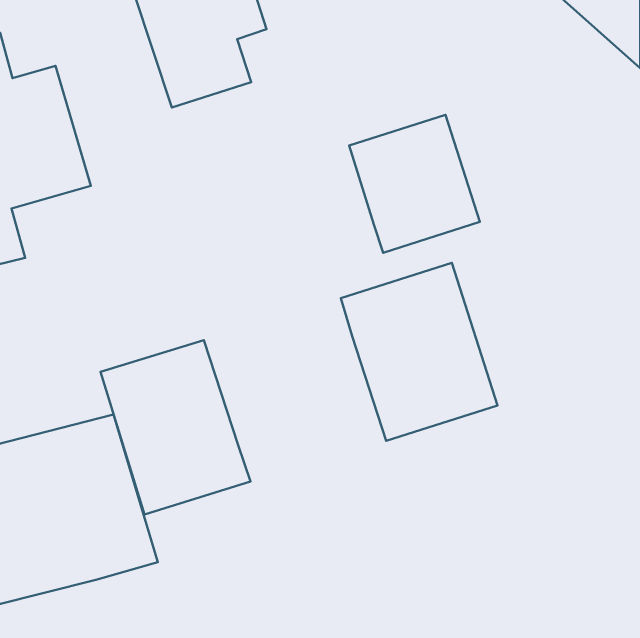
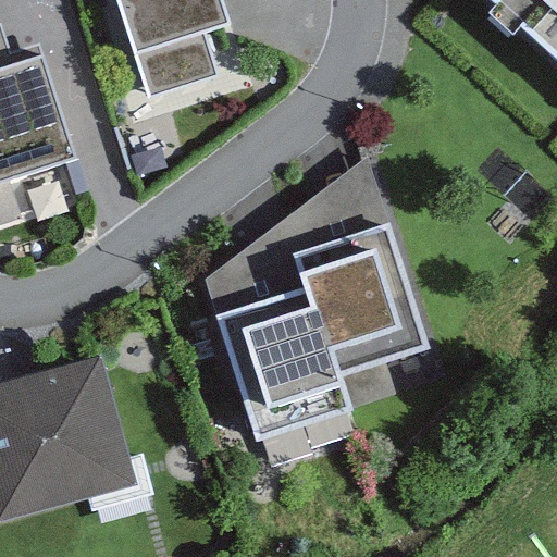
building: [349,115,480,253] -> none
building: [100,340,251,515] -> [214,289,344,440]

